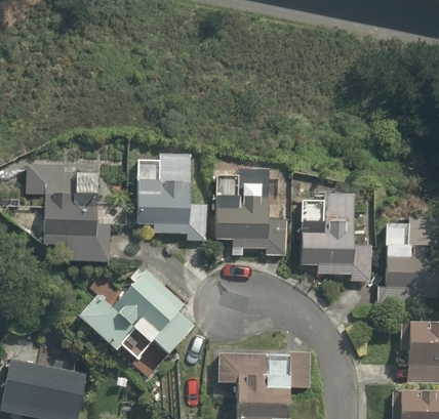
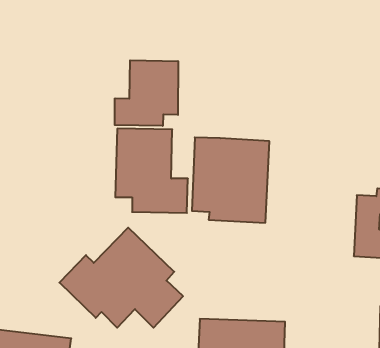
building: none -> [115,60,178,126]
building: [30,159,111,258] -> none
building: [295,188,353,273] -> none

